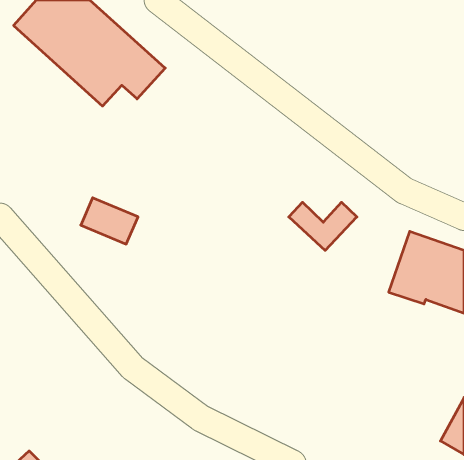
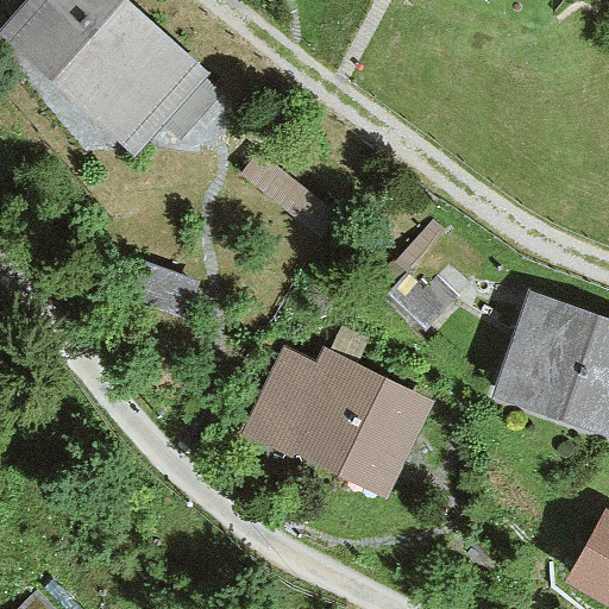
building: none -> [252,363,408,477]

